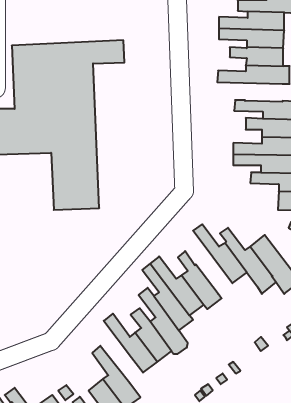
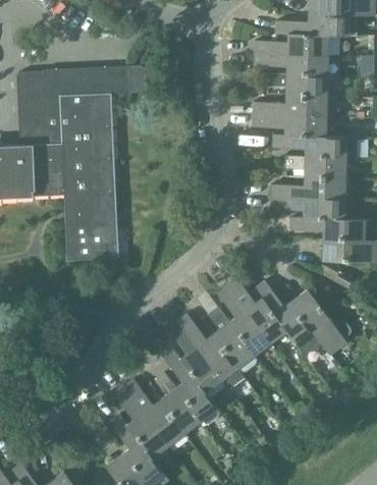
building: none -> [253,114,327,137]
building: none -> [216,283,270,356]
building: none -> [114,386,168,457]

